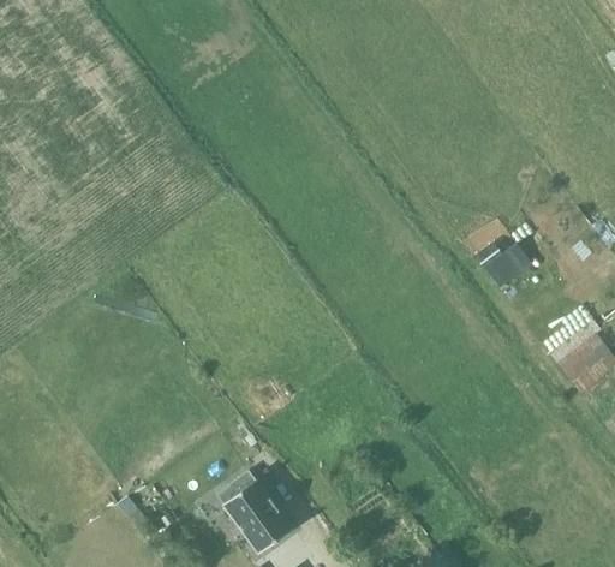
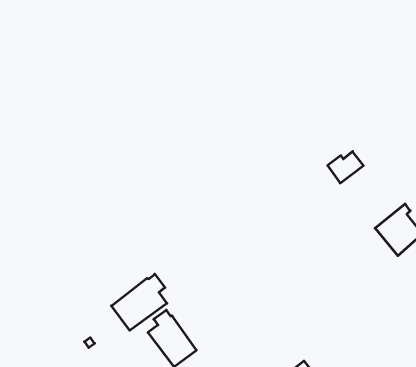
building: none -> [111,274,167,330]

